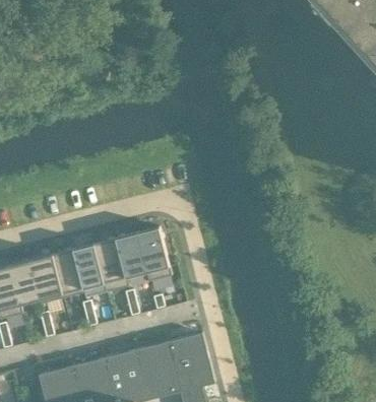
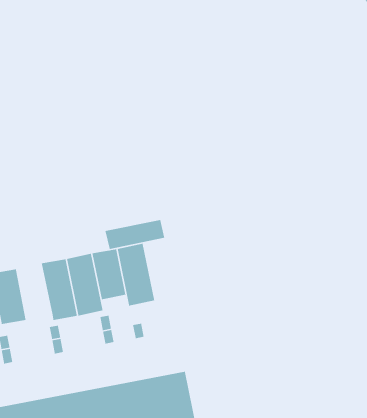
building: none -> [105,219,165,250]
building: [49,251,81,300] -> none

